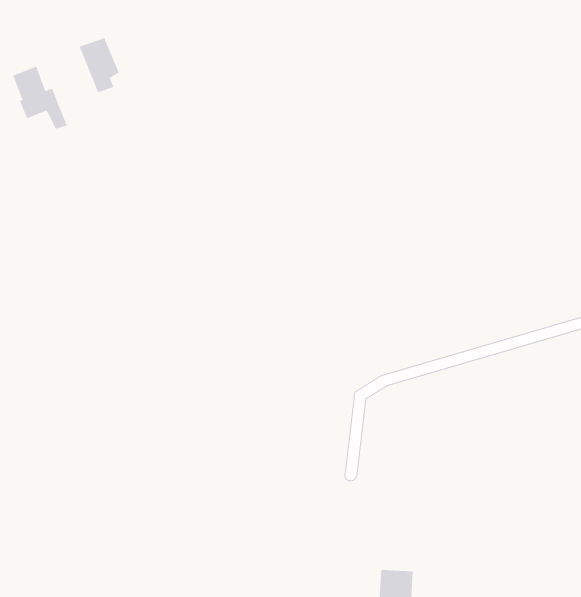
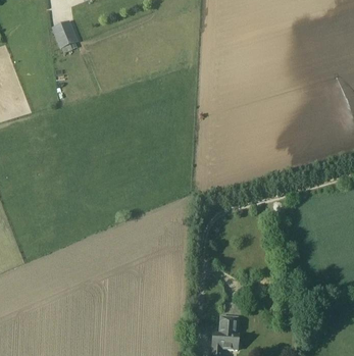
building: [13,66,67,130] -> none

